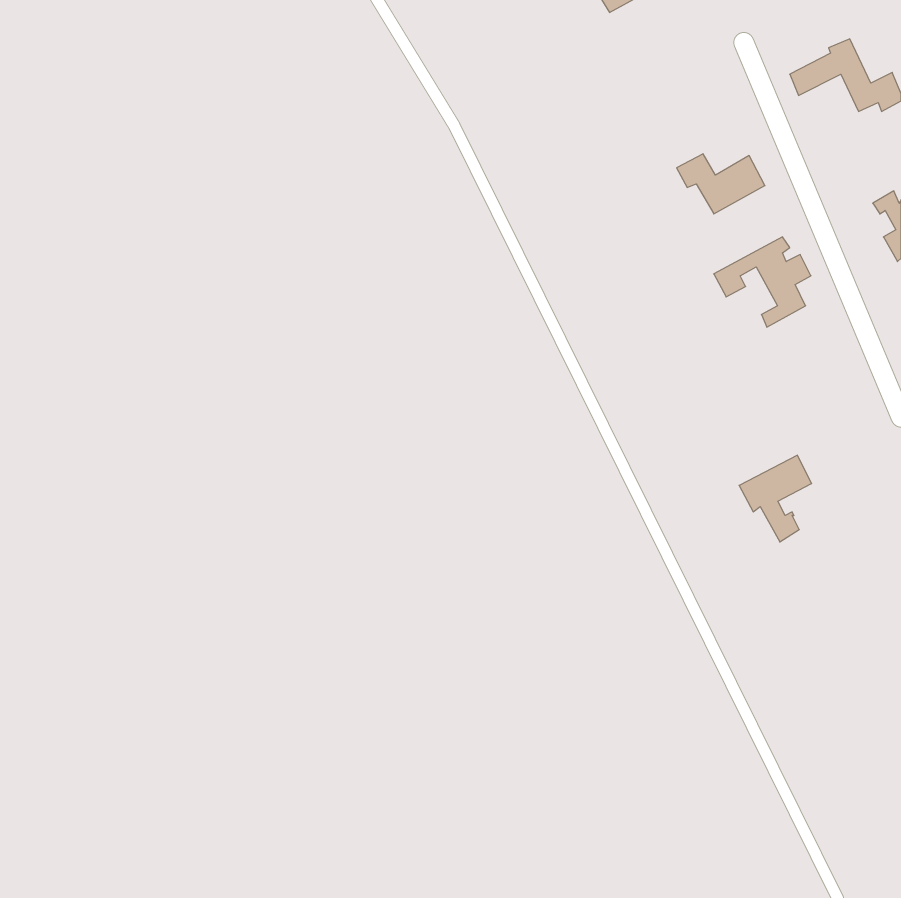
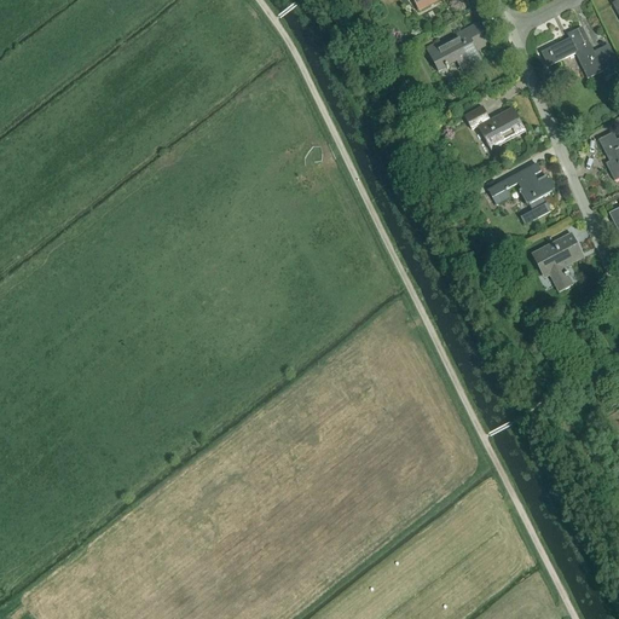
building: none -> [426,21,488,70]
building: [739,455,812,542] -> [531,232,580,291]

